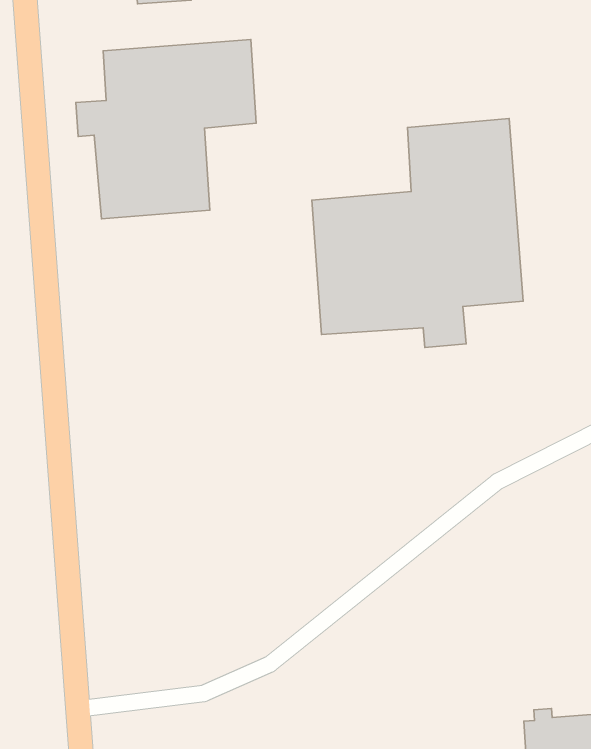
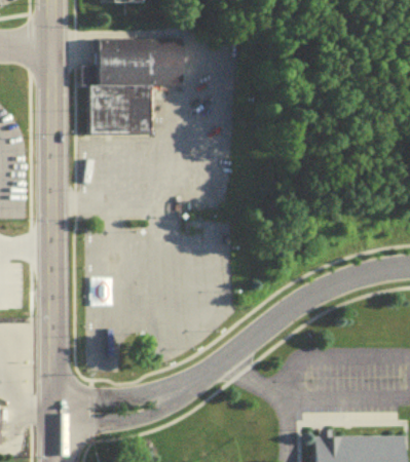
building: [312,118,523,348] -> none

